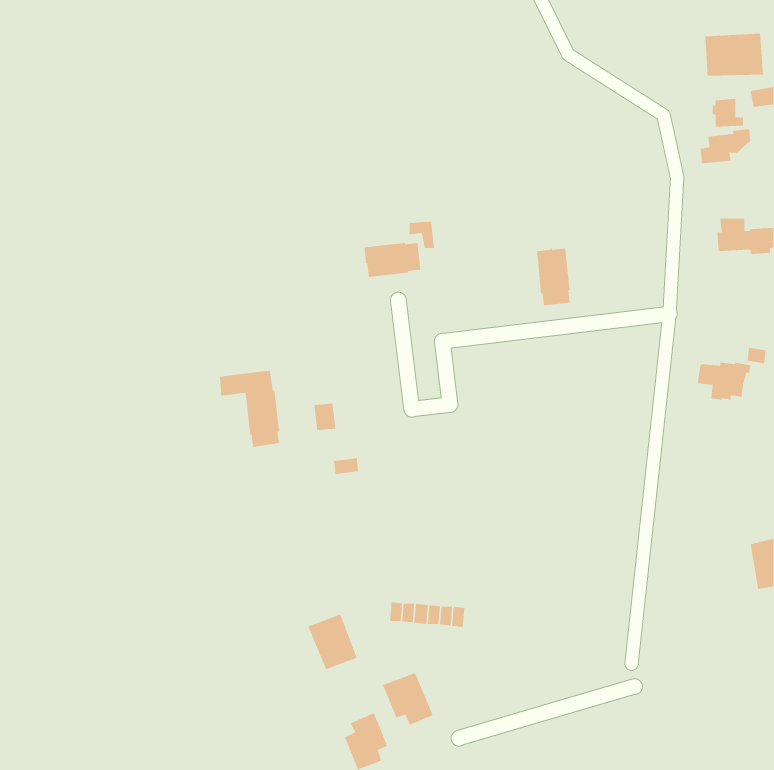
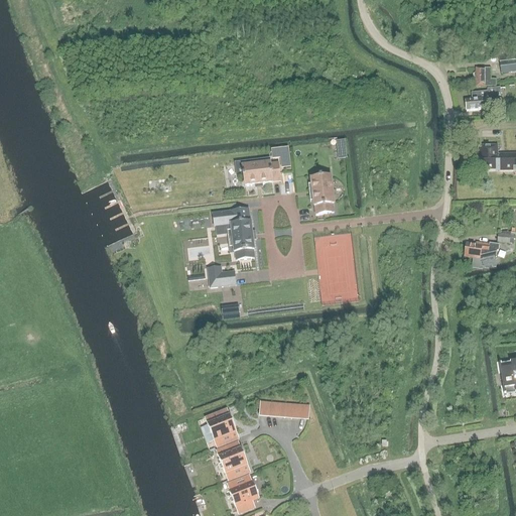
building: [705,33,763,76] -> none
building: [536,248,571,306] -> [310,174,334,213]
building: [219,370,280,448] -> [214,208,254,259]
building: [382,673,434,726] -> [216,441,250,477]

